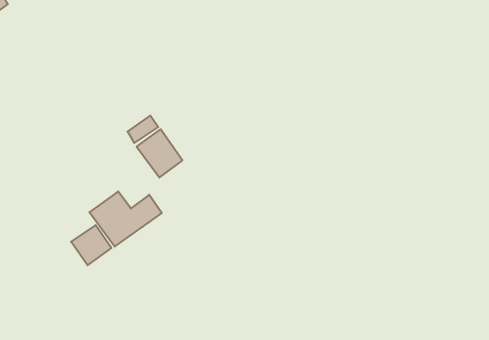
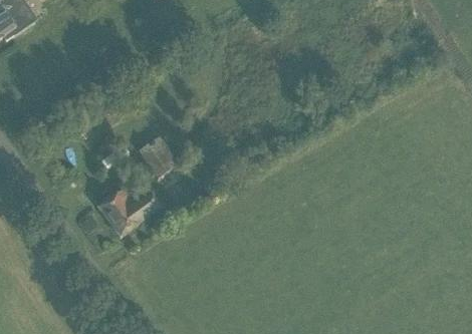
building: [71,225,111,265] -> none

